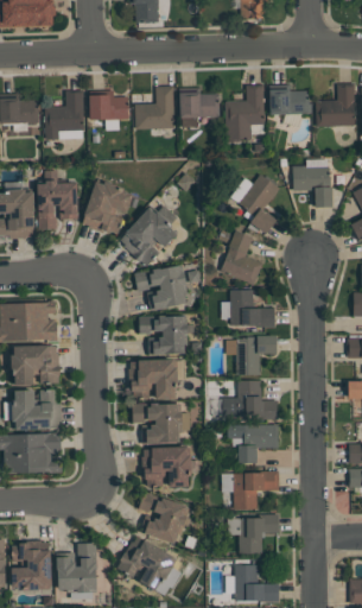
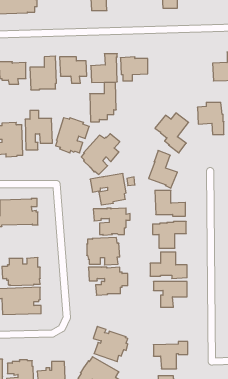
building: [226,83,265,141] -> [90,83,116,122]
building: [269,88,312,114] -> none
building: [11,344,61,384] -> none
building: [142,446,191,486] -> none
building: [222,470,279,508] -> none

